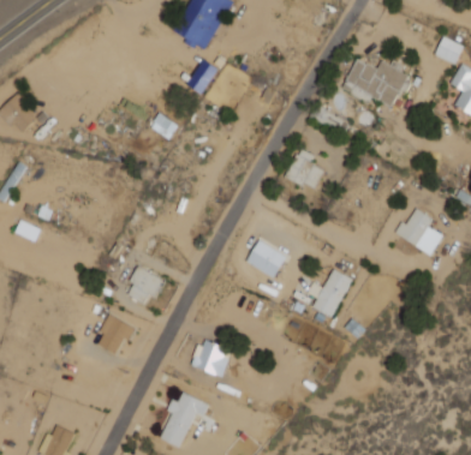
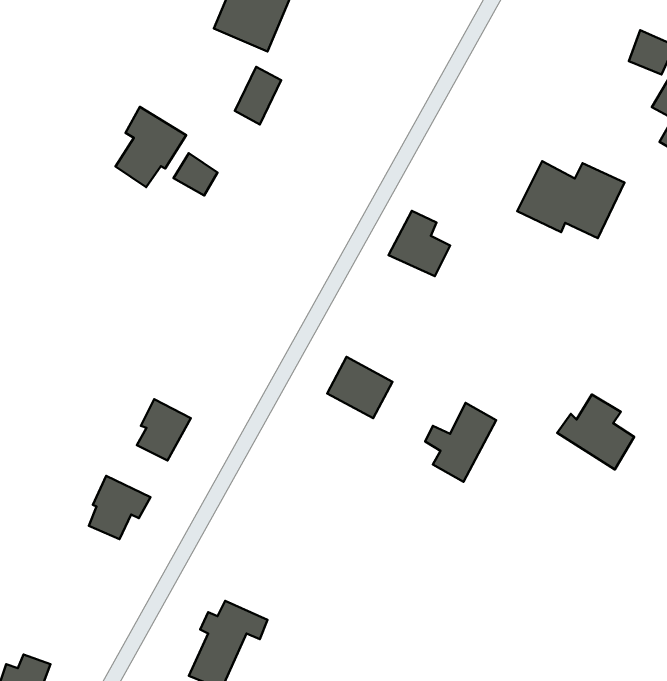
building: [341,58,409,106] -> [517,161,625,238]
building: none -> [115,107,186,187]
building: [394,208,442,255] -> [557,394,634,469]
building: [192,339,232,376] -> none

